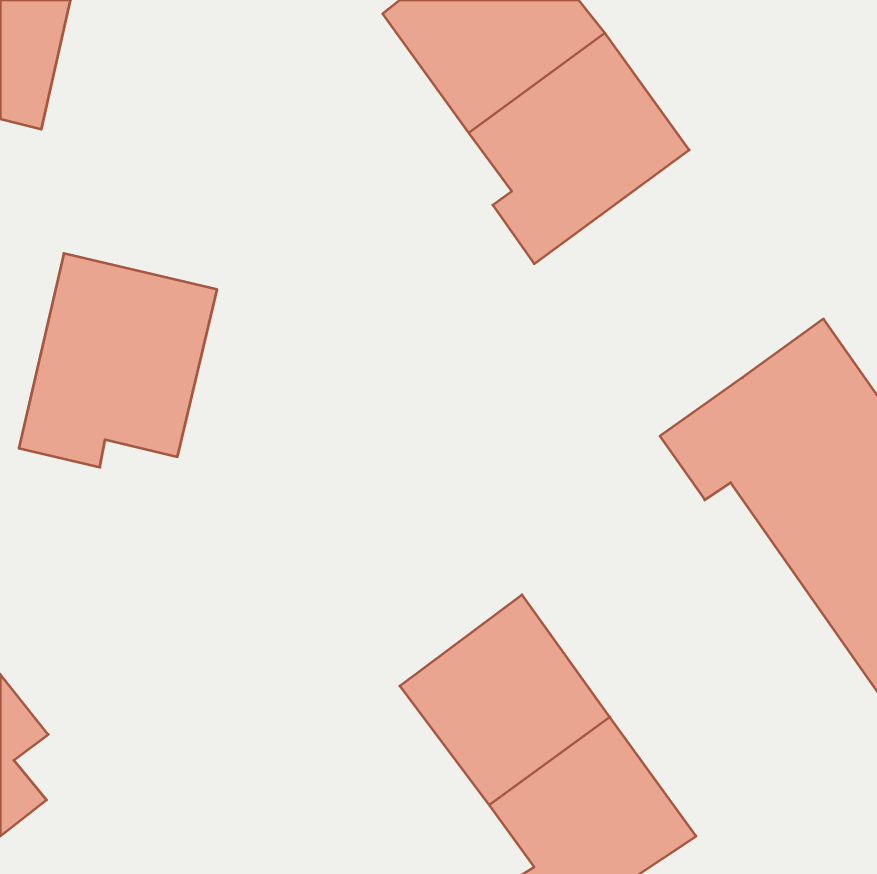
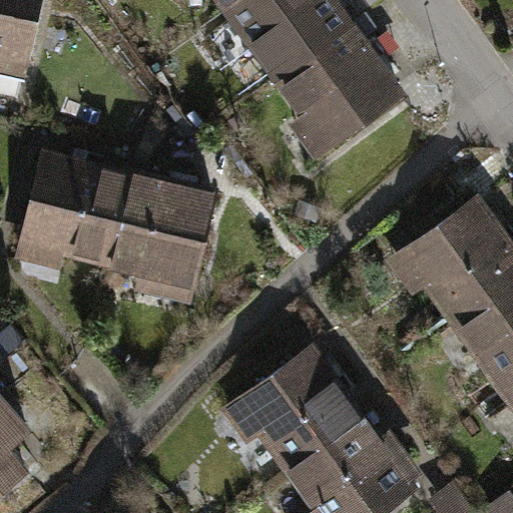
building: none -> [105,172,214,306]

